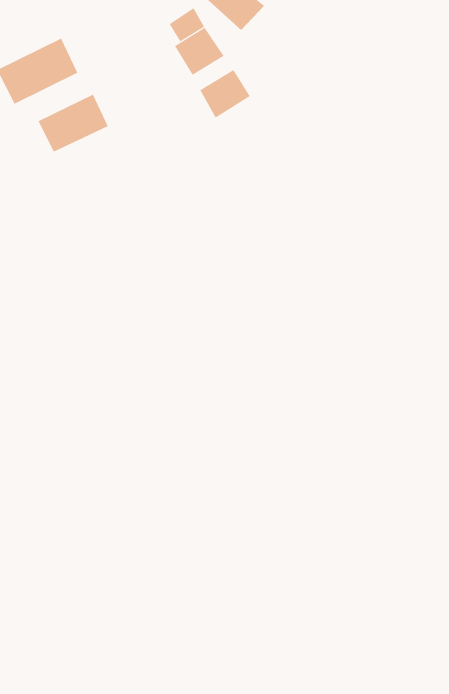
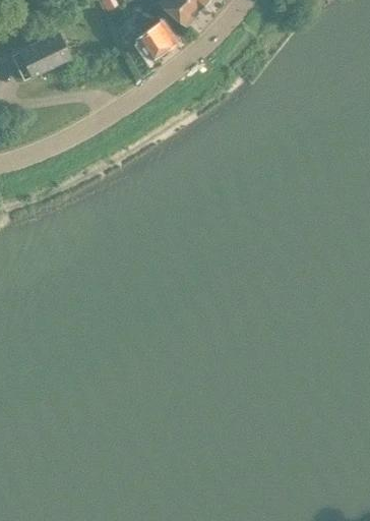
building: [199,69,251,118] -> none
building: [38,94,108,152] -> none

